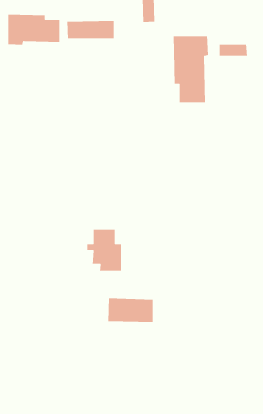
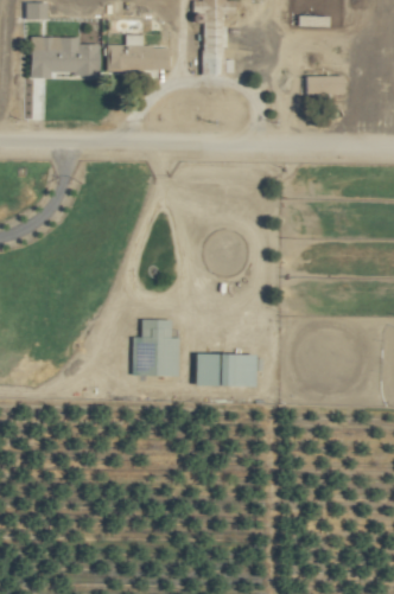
building: [173,36,209,103] -> none
building: [107,297,154,323] -> [193,352,254,385]

